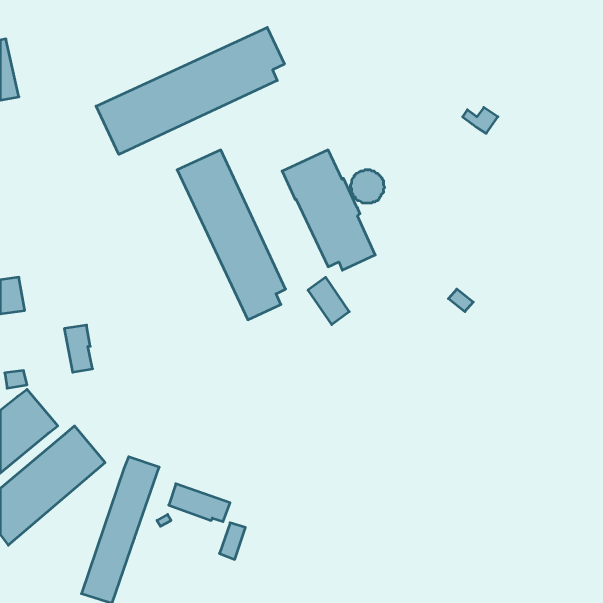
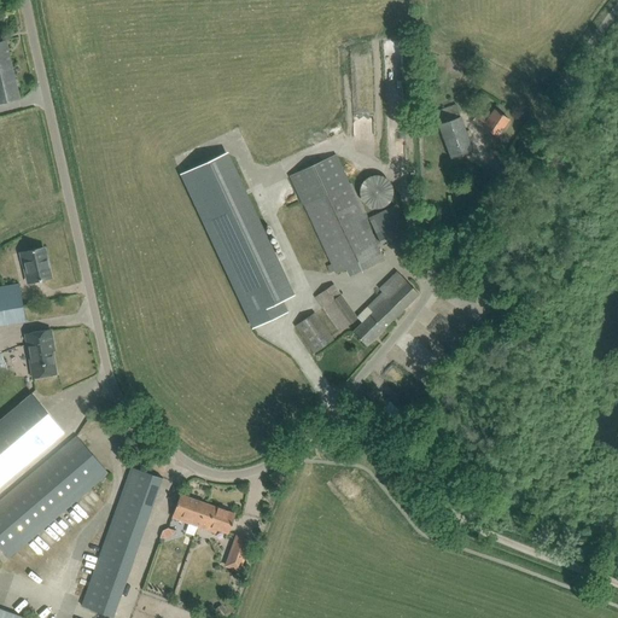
building: [96,27,284,154] -> none
building: none -> [433,103,472,158]
building: none -> [24,247,51,282]
building: none -> [352,270,419,345]
building: none -> [296,313,333,352]
building: [64,325,93,372] -> [23,330,52,378]

